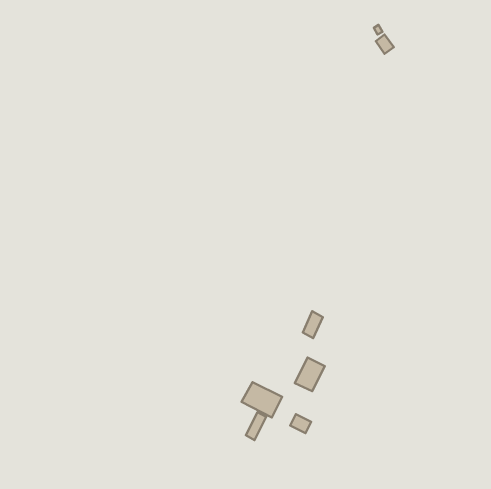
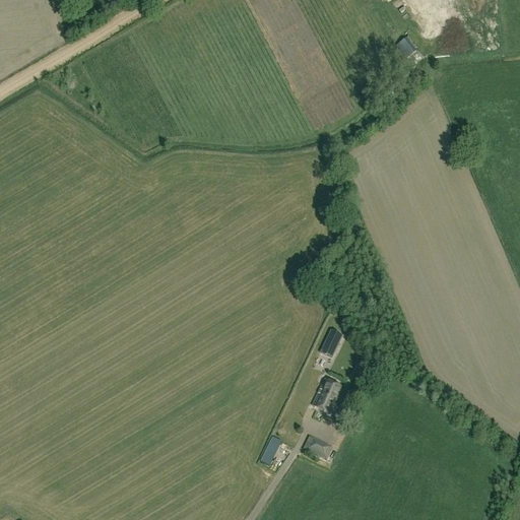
building: [242,382,282,417] -> none

